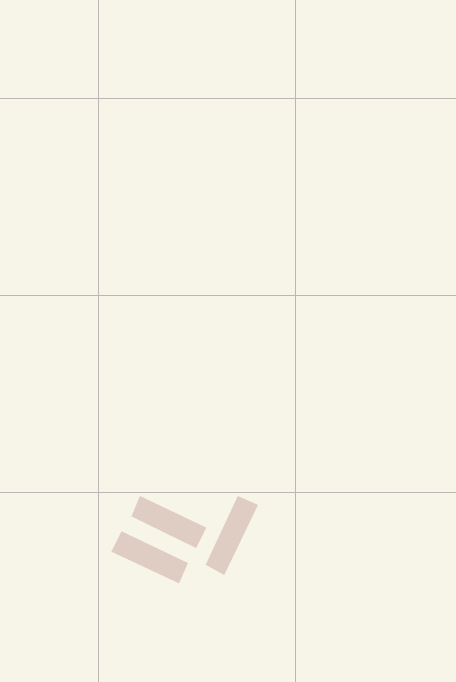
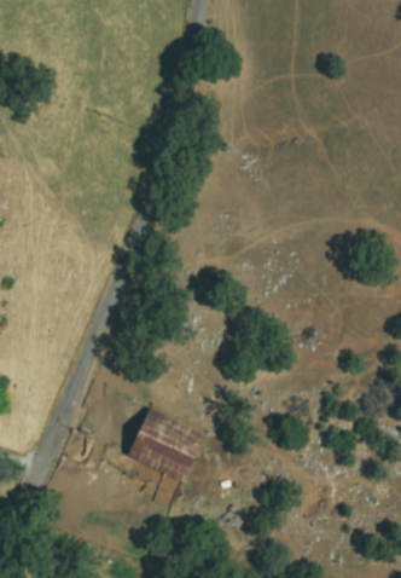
building: [205,495,259,576] -> none

